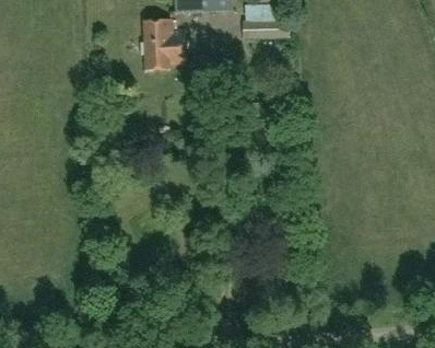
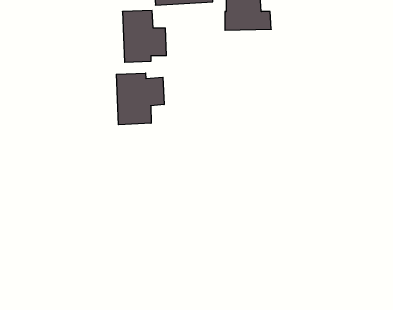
building: none -> [116,73,164,125]

